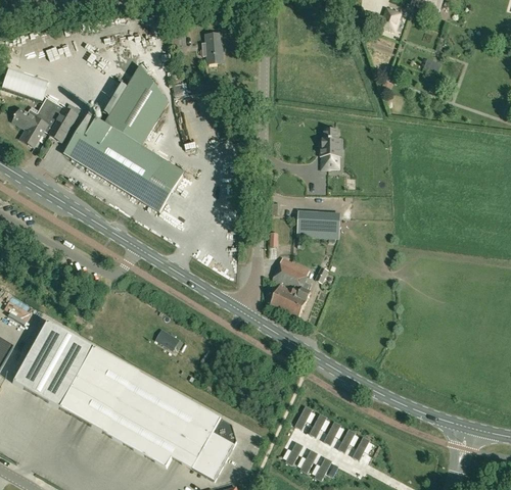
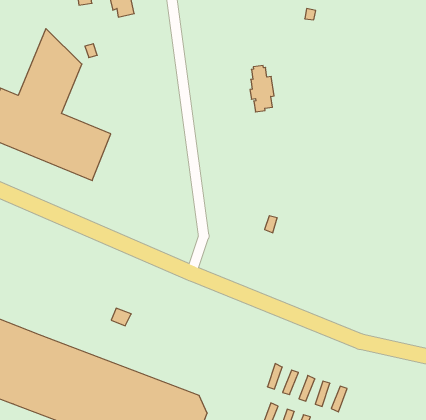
building: [297,210,340,238] -> none
building: [270,256,311,317] -> none

